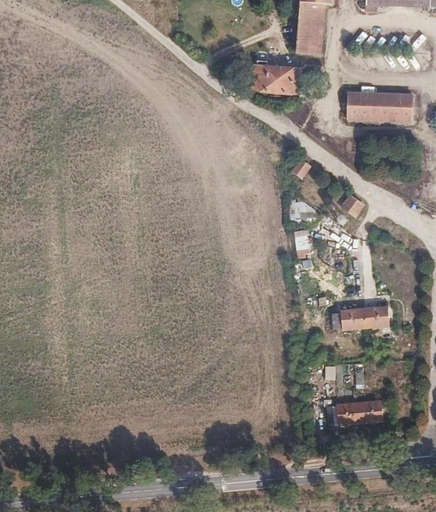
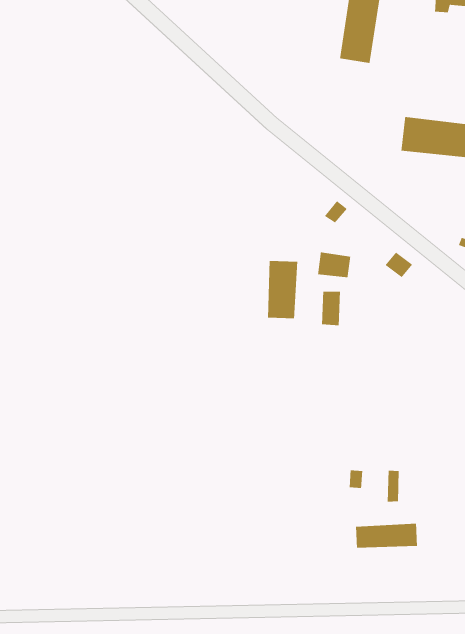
building: [250,59,300,93] -> none
building: none -> [267,260,298,319]
building: [341,307,389,330] -> none

